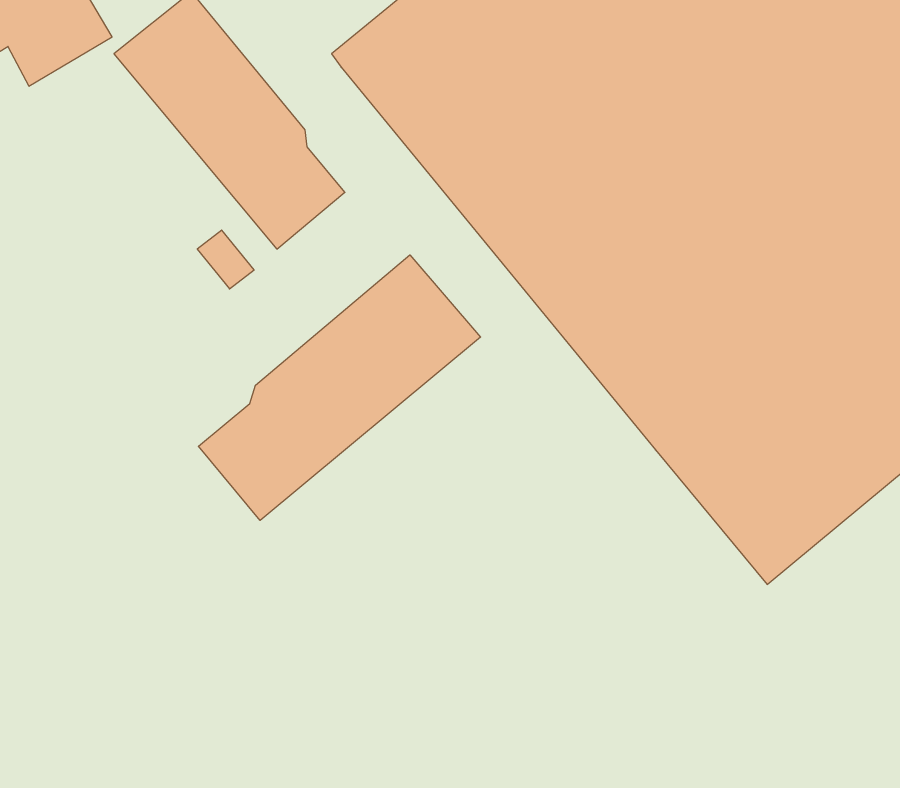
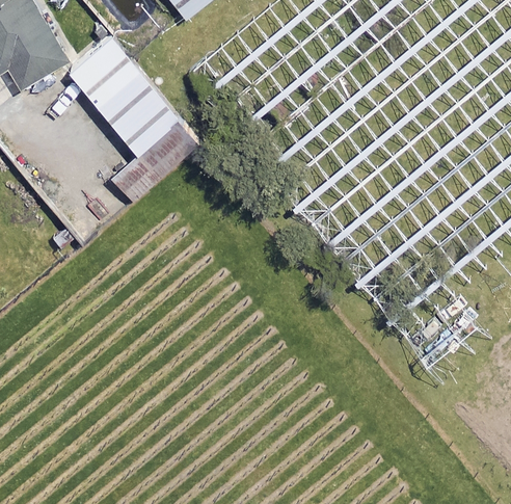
building: [198,255,481,520] -> none

